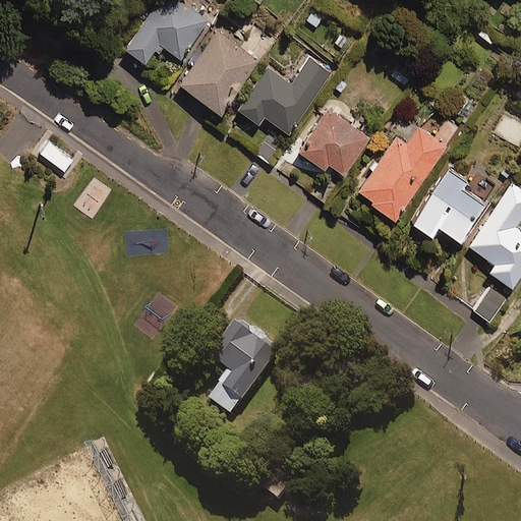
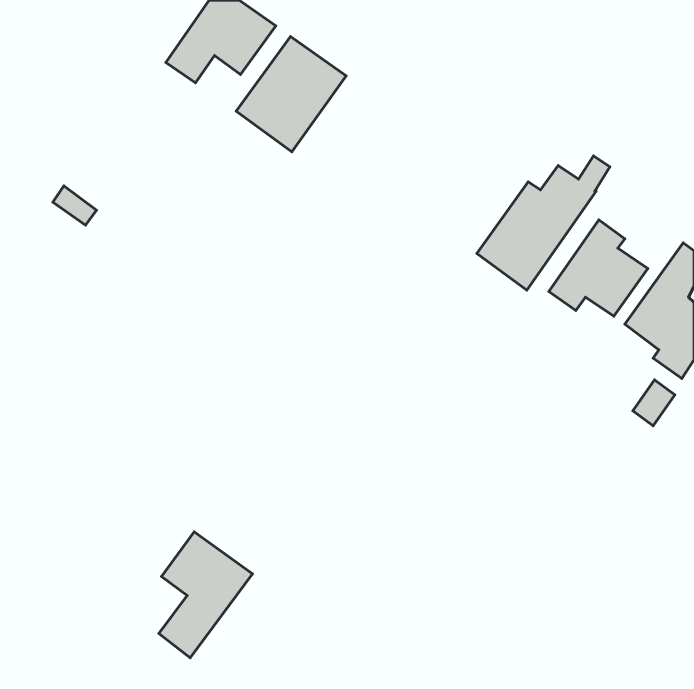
building: [237,59,331,134] -> none
building: [297,109,369,175] -> none
building: [211,326,281,420] -> [159,532,253,658]

